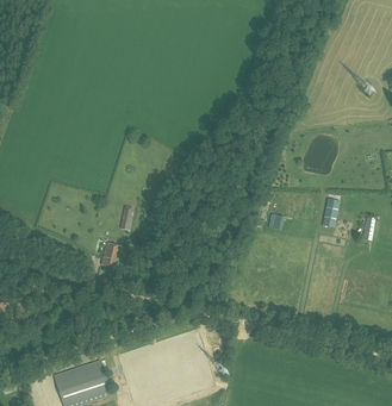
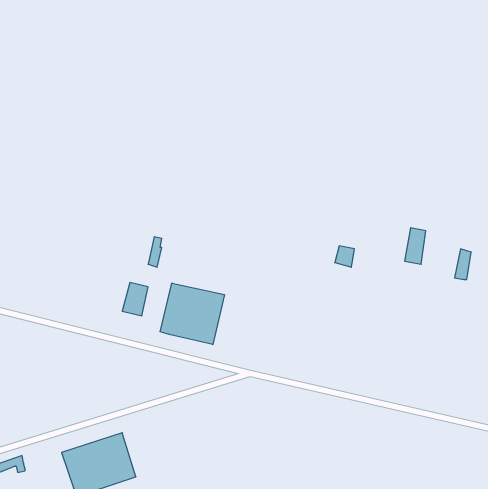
building: none -> [160,283,224,345]

